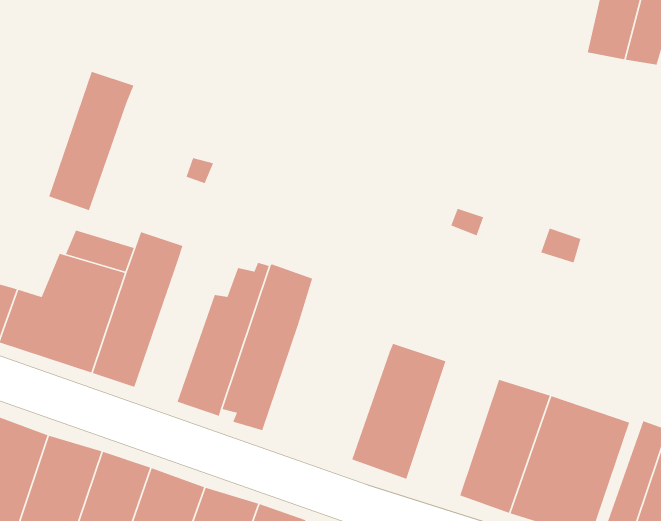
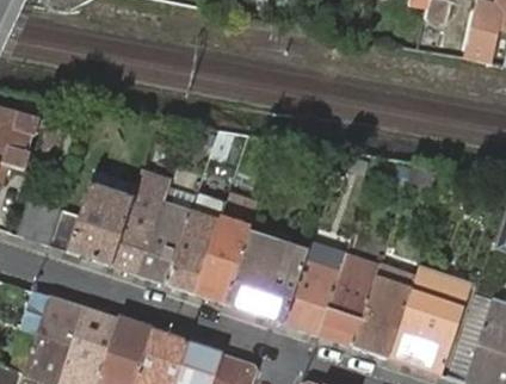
building: [48,71,134,211] -> [140,191,197,284]
building: none -> [224,231,308,322]
building: none -> [320,256,381,346]

